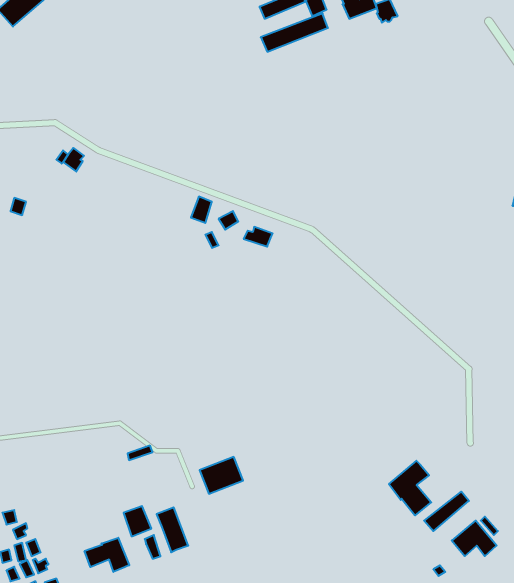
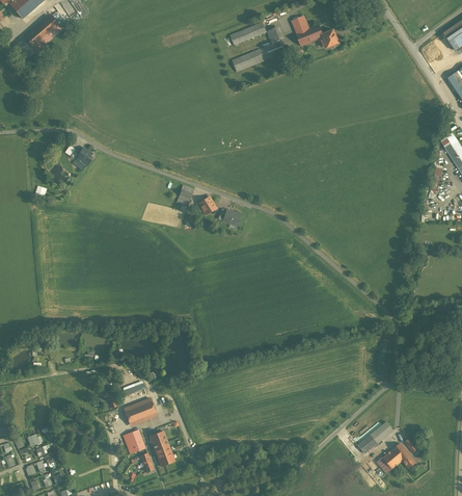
building: [200,457,243,494] -> [124,398,158,427]
building: [389,461,431,515] -> none
building: [85,538,129,572] -> none

